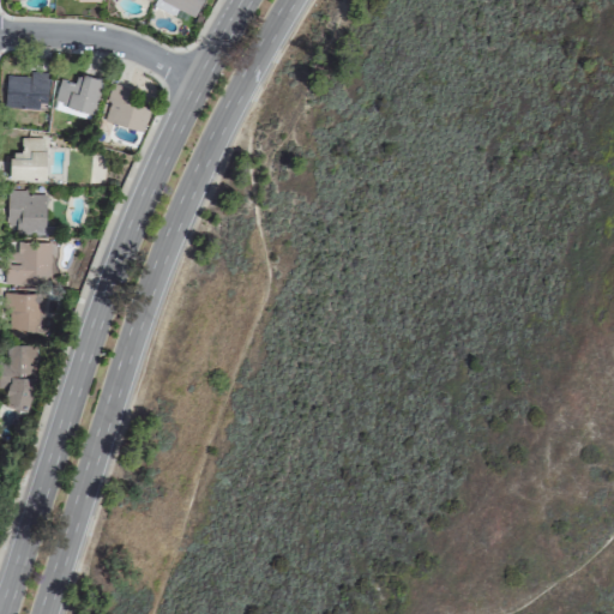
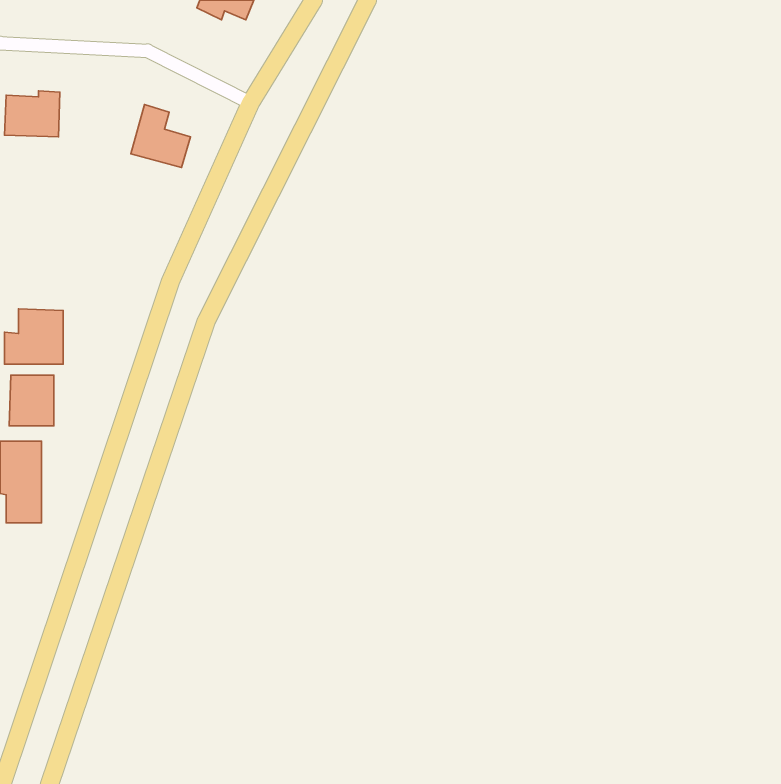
building: [55,73,106,114] -> none
building: [12,138,48,181] -> none
building: [10,194,48,235] -> none

